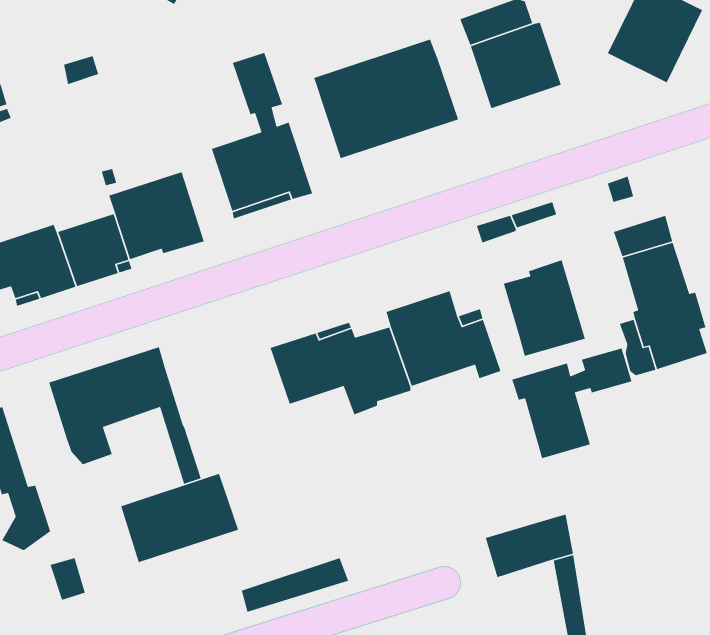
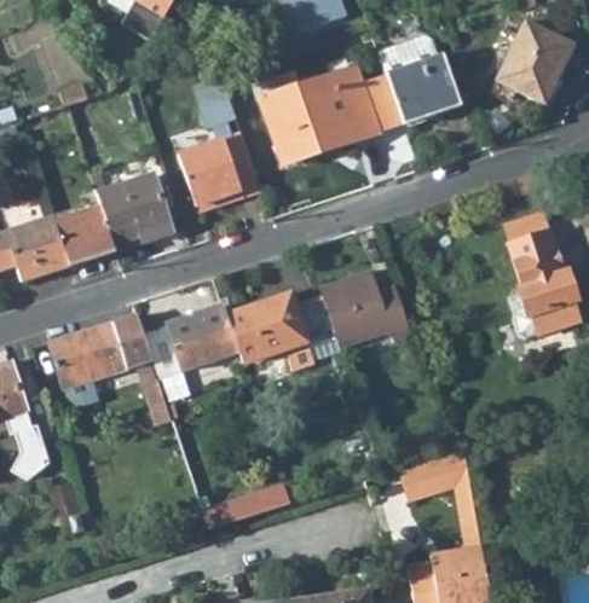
building: none -> [360,73,403,132]
building: [503,259,586,357] -> none
building: [511,347,633,459] -> none
building: [120,473,239,563] -> [142,303,237,376]

